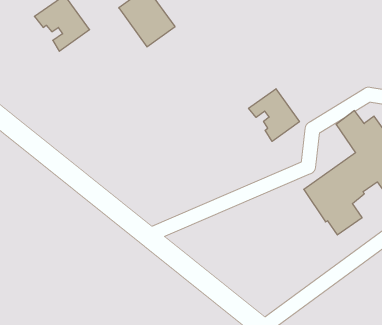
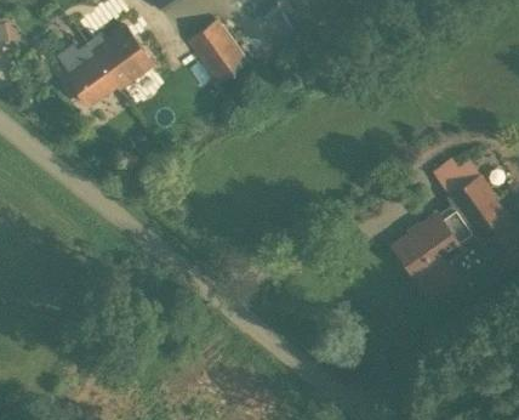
building: none -> [64,50,120,104]
building: [249,89,299,141] -> none

